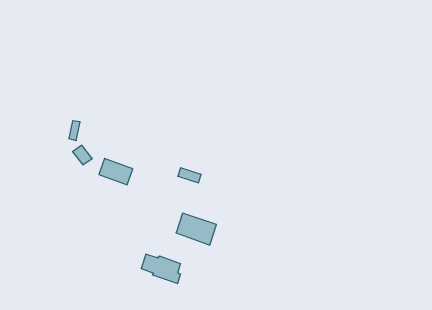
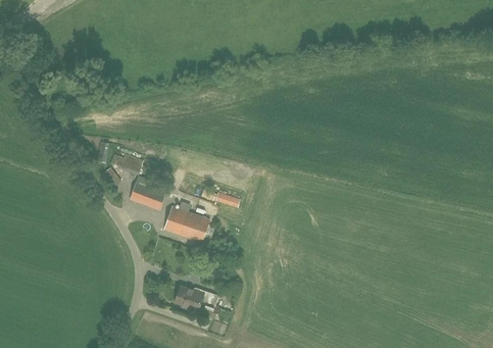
building: [176,213,216,245] -> [165,207,209,242]

